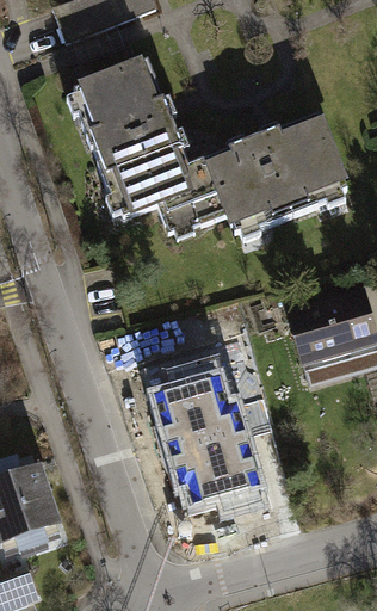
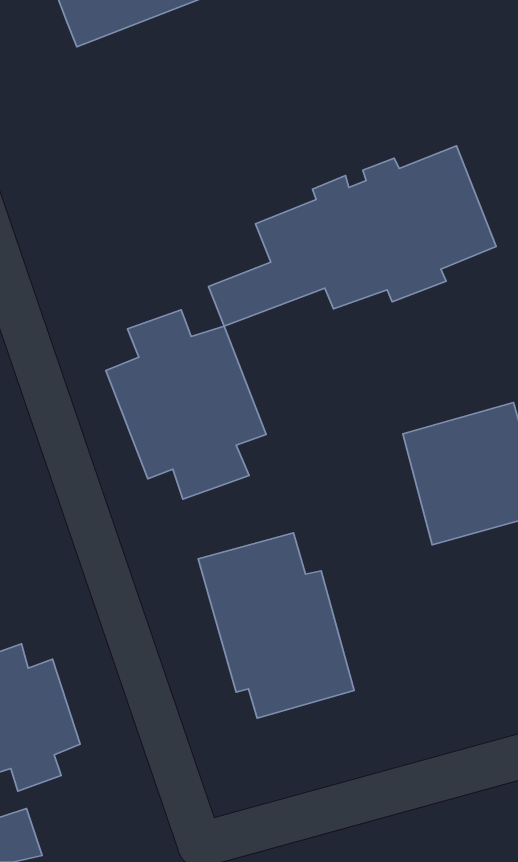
building: [60,44,198,226] -> none
building: none -> [106,310,266,499]

